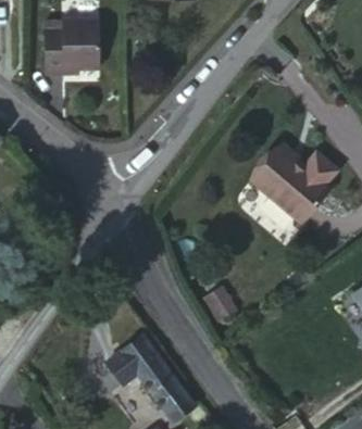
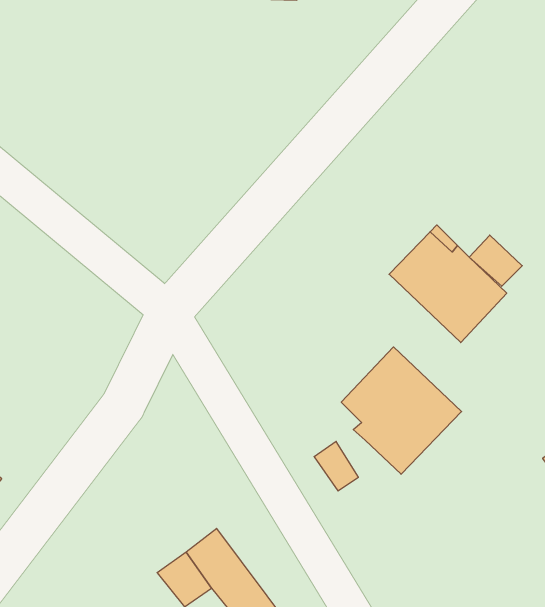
building: [45,20,99,75] -> none
building: none -> [341,347,462,474]

